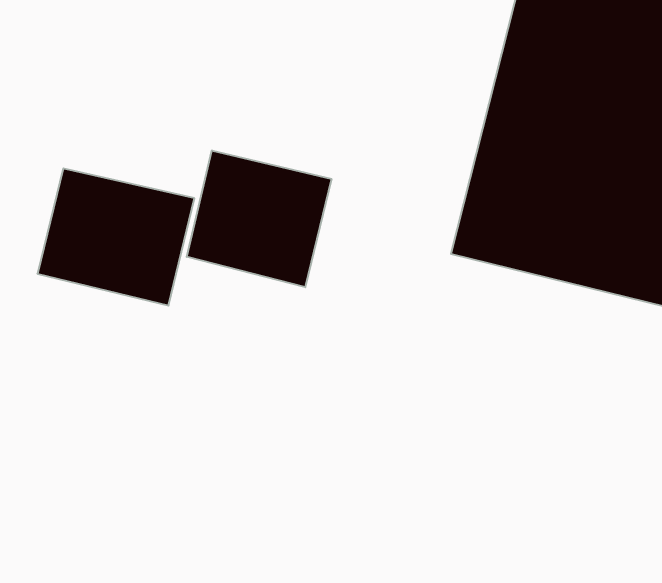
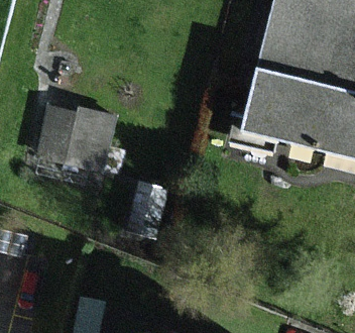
building: [187,150,331,287] -> none

